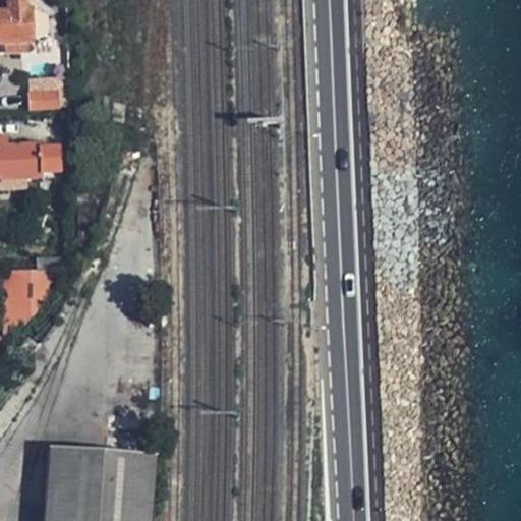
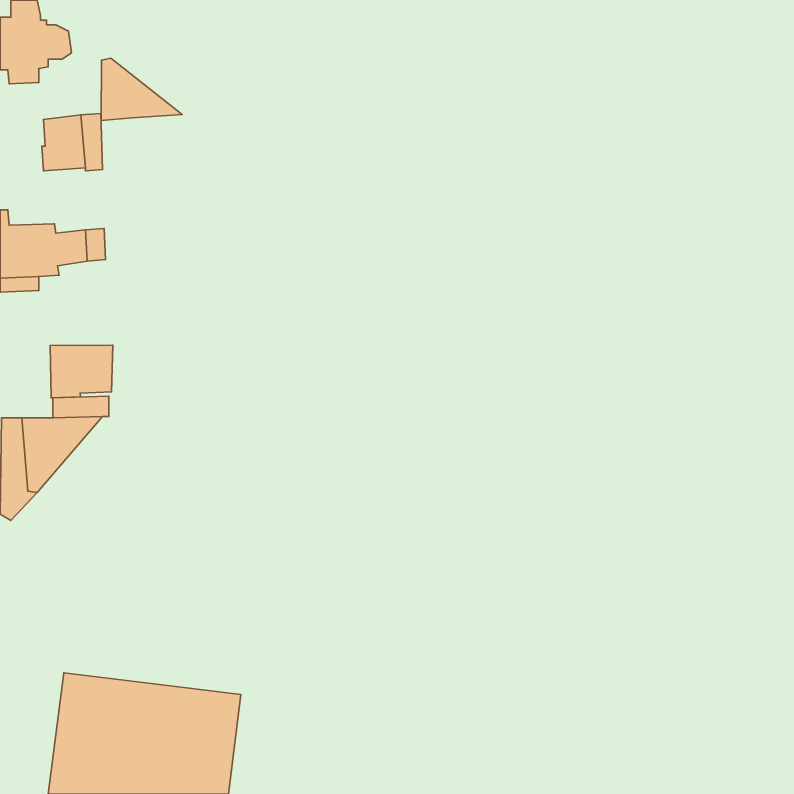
building: none -> [101,58,182,121]
building: none -> [50,345,113,398]

